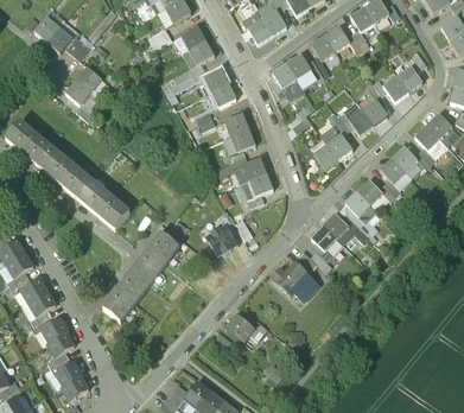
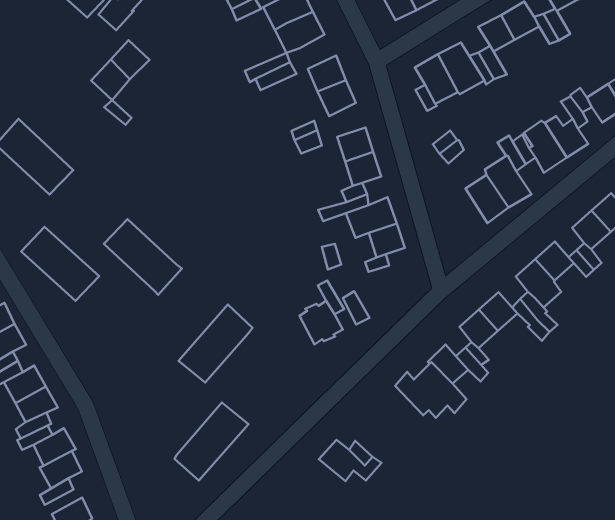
building: [42,151,93,197] -> [21,227,99,301]
building: [102,269,148,320] -> [174,402,248,481]

